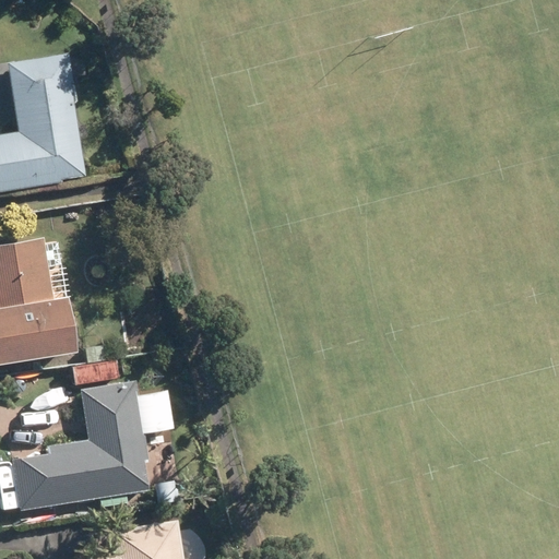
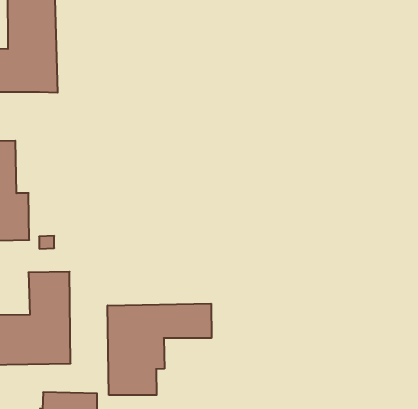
building: none -> [108,304,211,395]

